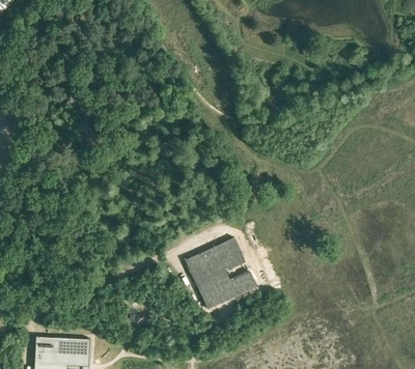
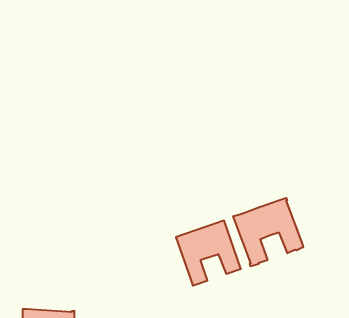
building: none -> [233,198,303,266]

